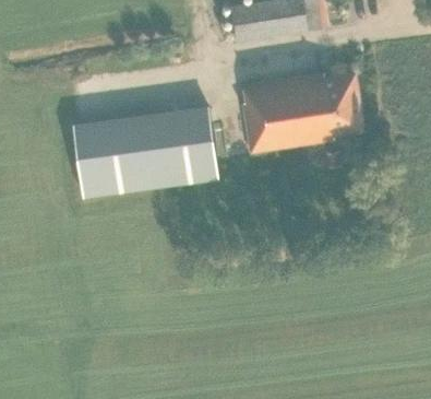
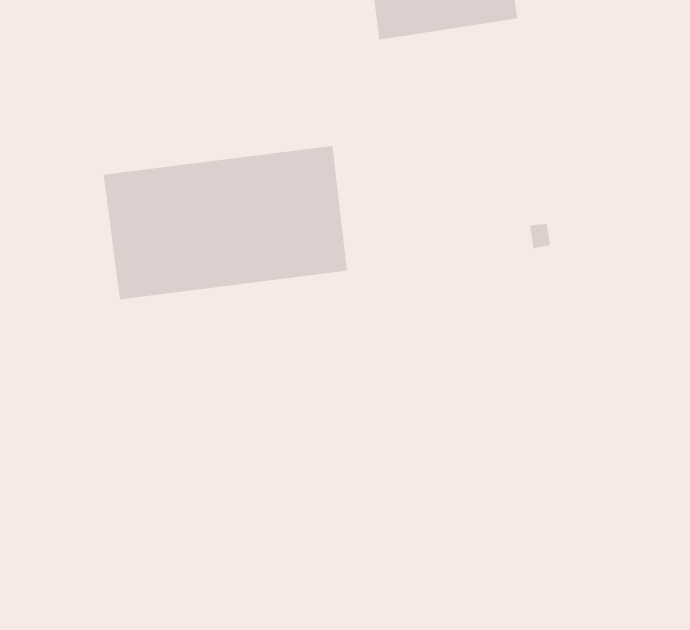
building: [241,71,361,152] -> none

